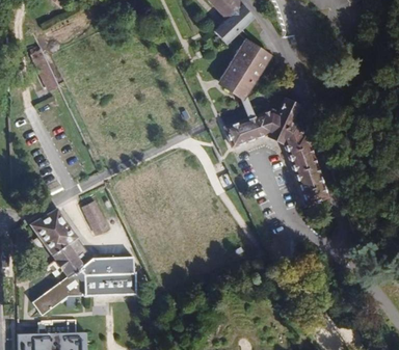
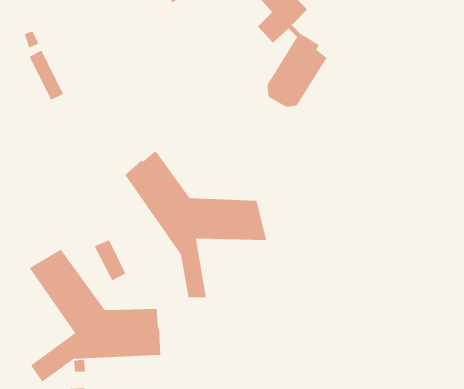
building: [224,99,328,207] -> none
building: none -> [124,150,267,298]

